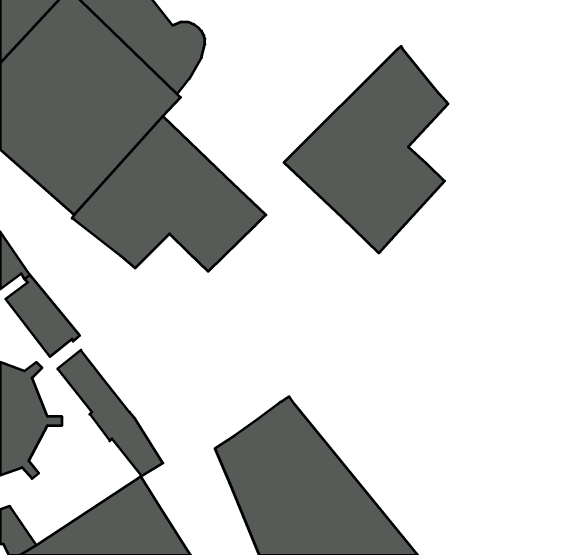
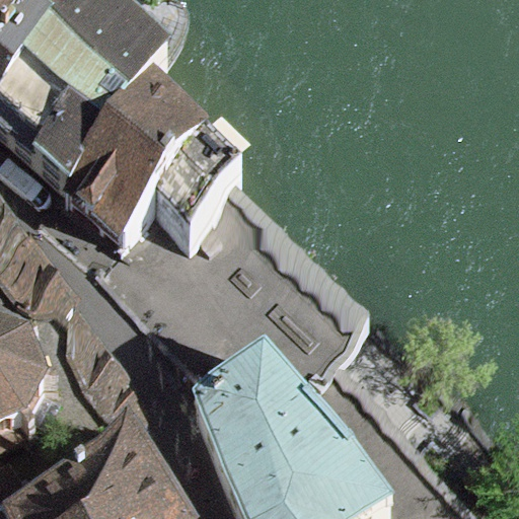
building: [284,46,448,253] -> none

